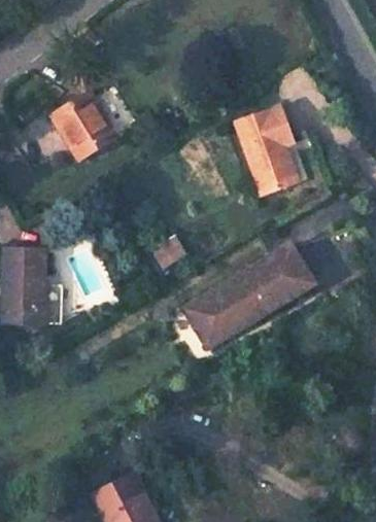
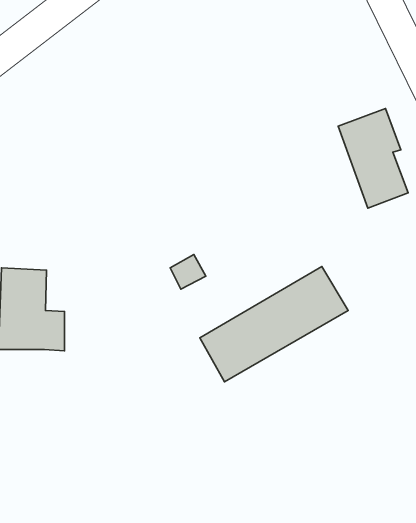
building: [49,90,116,161] -> none
building: [237,107,298,194] -> [338,108,408,208]

